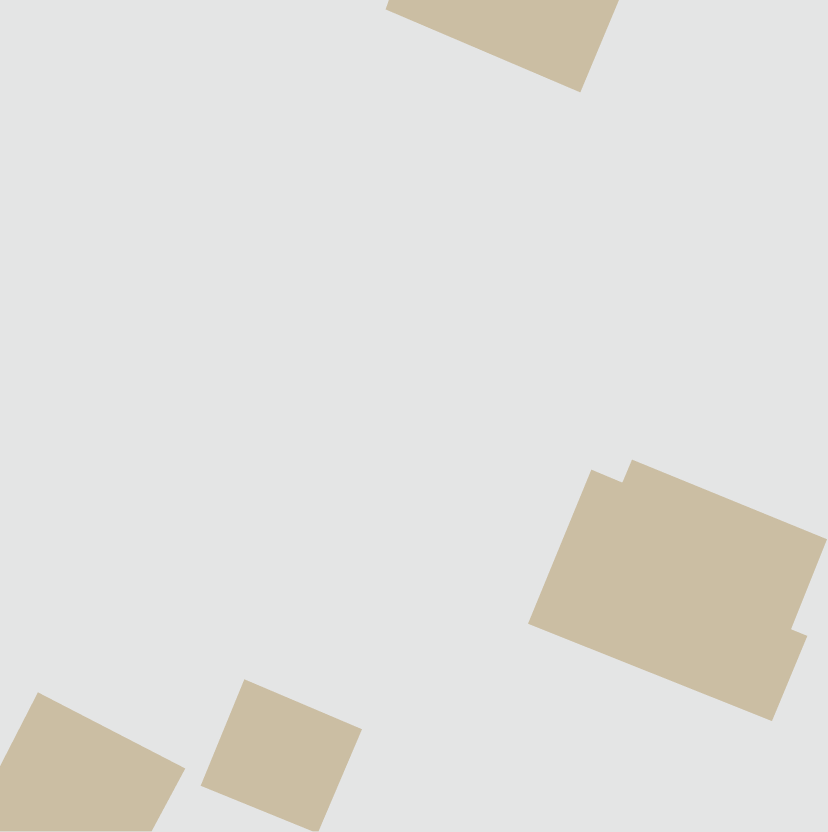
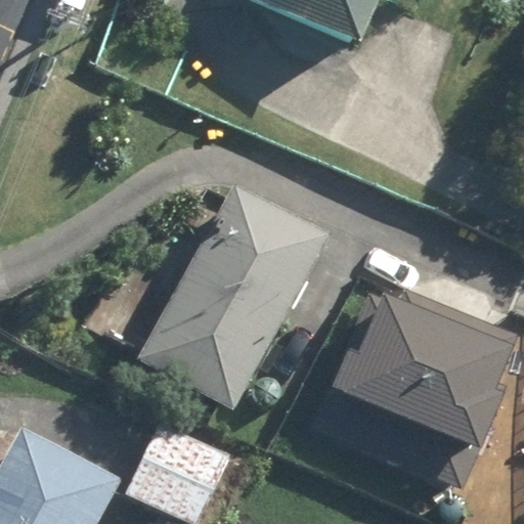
building: none -> [138,186,329,409]

